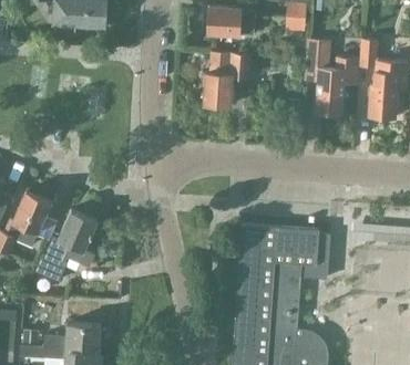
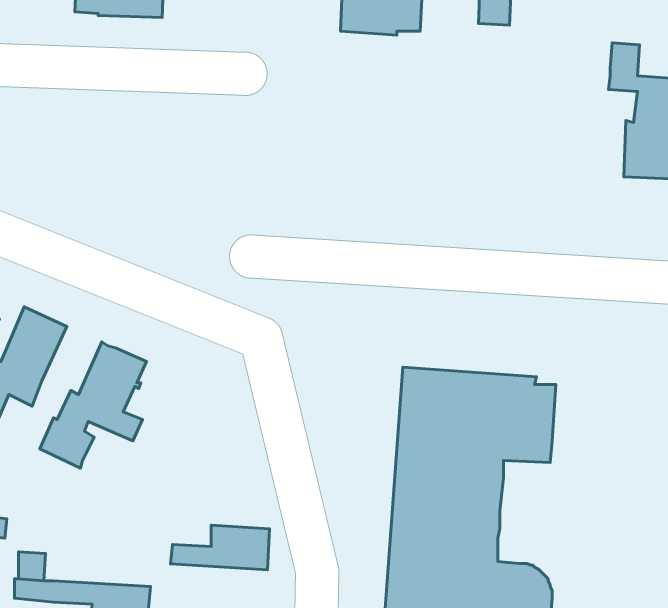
building: [305,39,362,114] -> none
building: [205,54,253,106] -> none
building: [44,324,101,350] -> [171,525,270,570]

